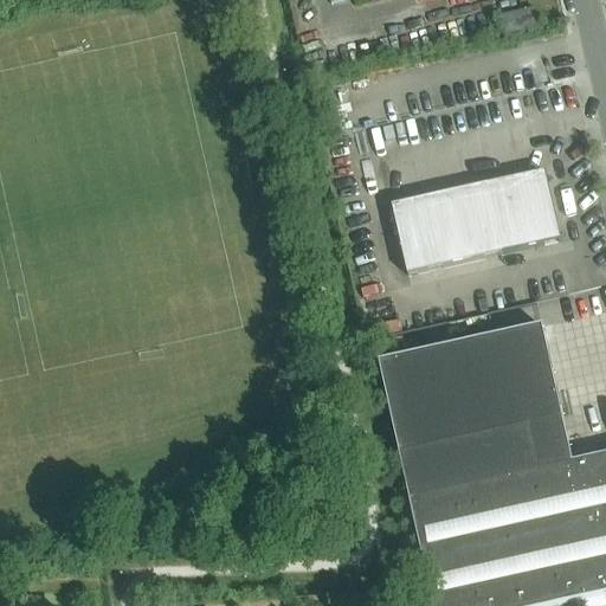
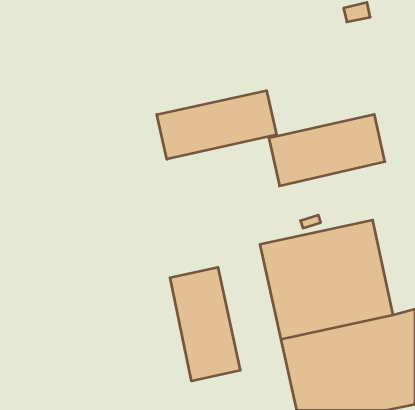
building: none -> [157,91,276,159]
building: none -> [170,267,240,381]

